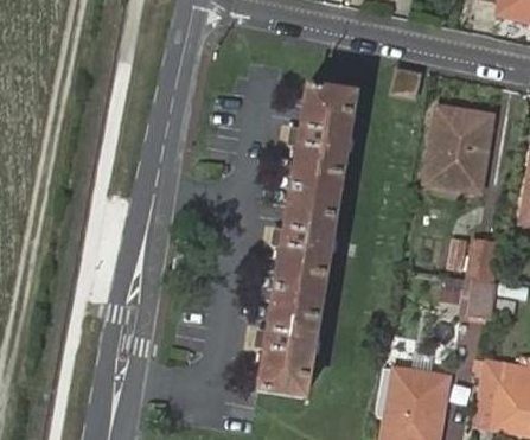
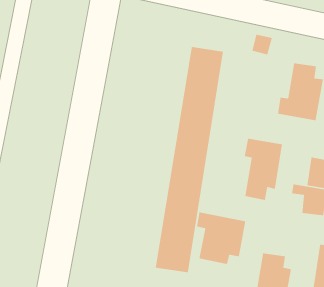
building: none -> [244,138,283,201]
building: none -> [196,211,246,265]

